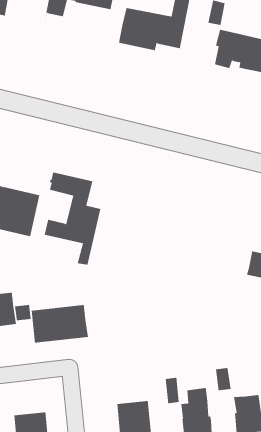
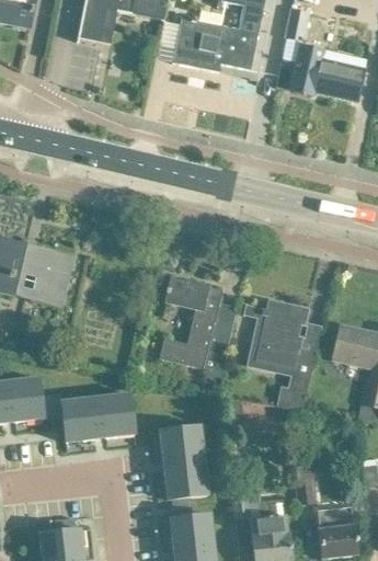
building: [44,172,101,265] -> [160,277,232,396]
building: none -> [243,299,317,410]
building: none -> [160,426,208,499]

